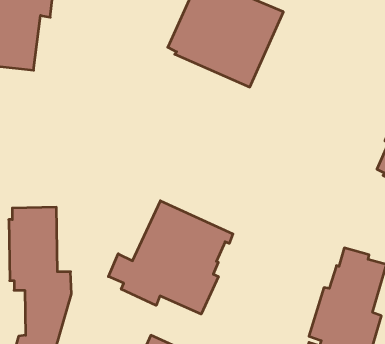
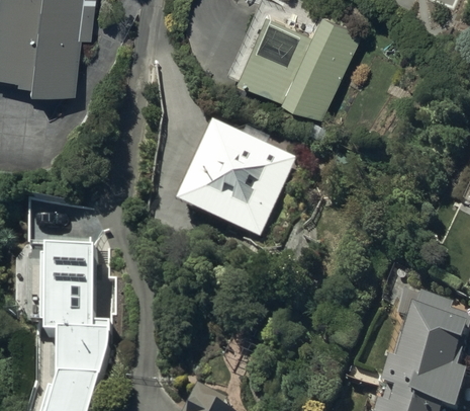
building: none -> [176,121,293,240]
building: [108,201,233,314] -> none

